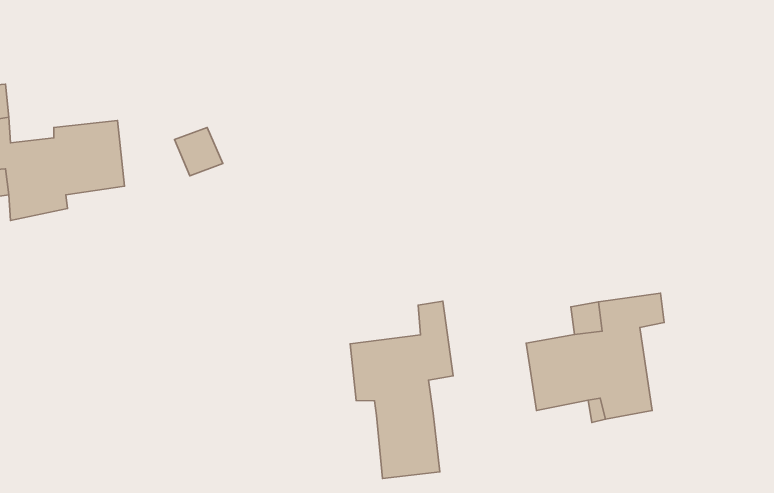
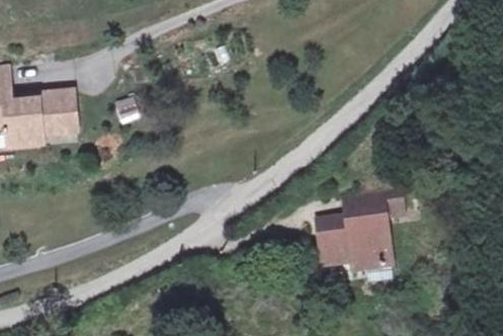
building: [350,301,453,479] -> none

